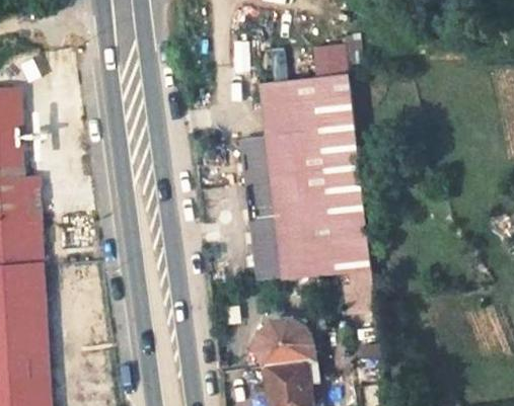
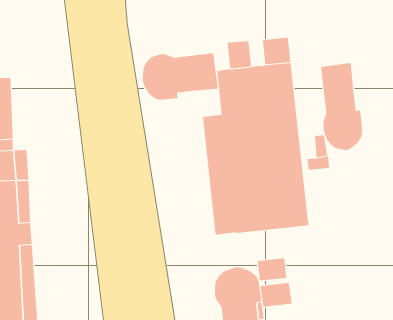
building: none -> [142,53,218,101]
building: none -> [320,62,363,151]
building: none -> [257,258,287,281]
building: none -> [260,282,292,308]

